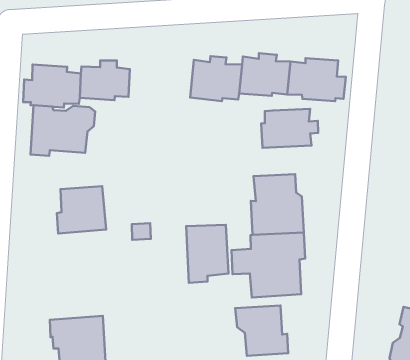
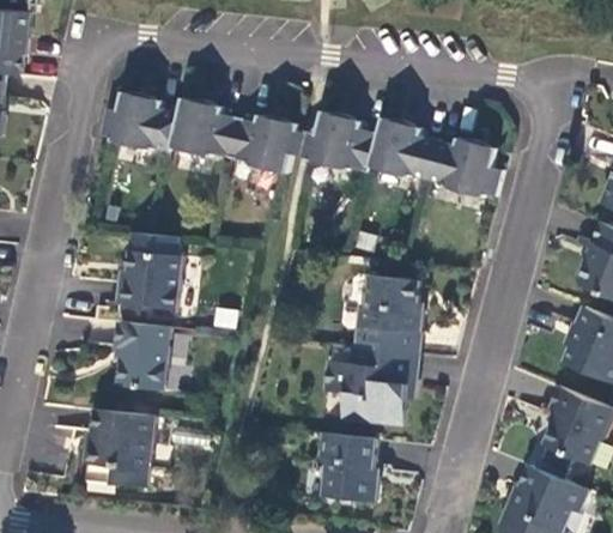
building: none -> [231,113,297,169]
building: [30,105,95,156] -> none
building: [261,109,318,148] -> none
building: [186,225,229,283] -> none
building: none -> [117,320,170,388]

